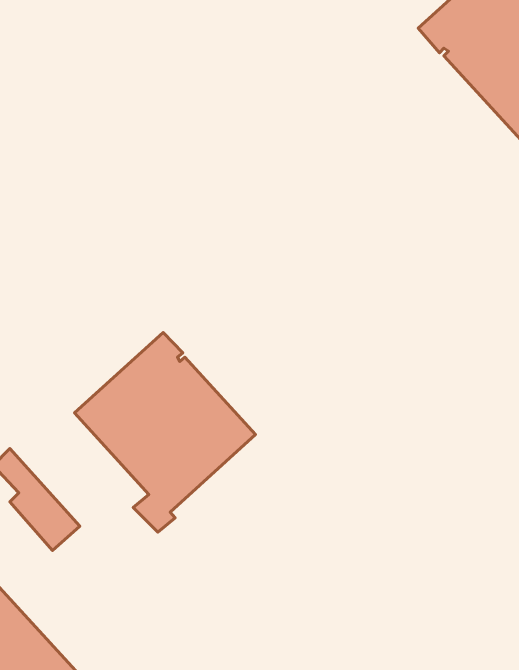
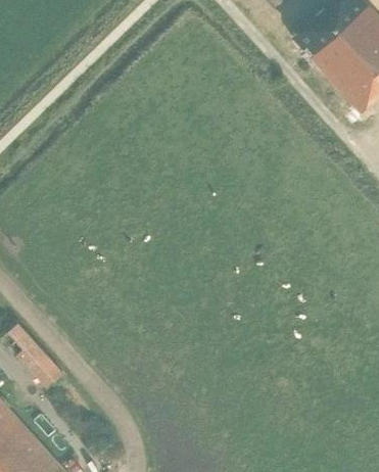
building: [75,332,256,532] -> none

